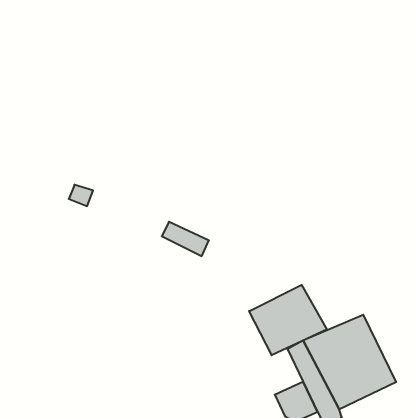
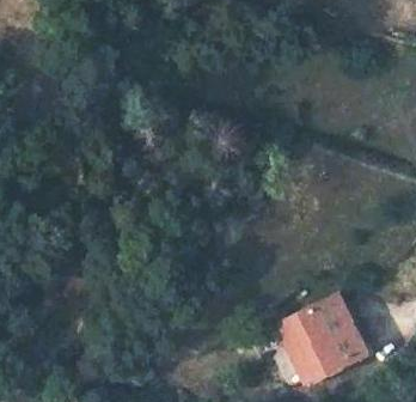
building: [249,285,327,355] -> none

